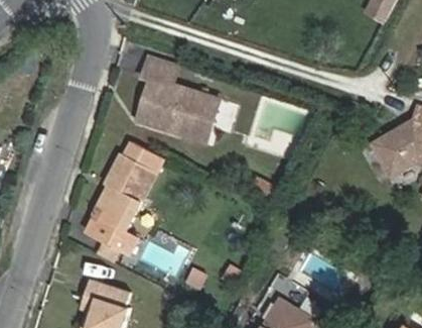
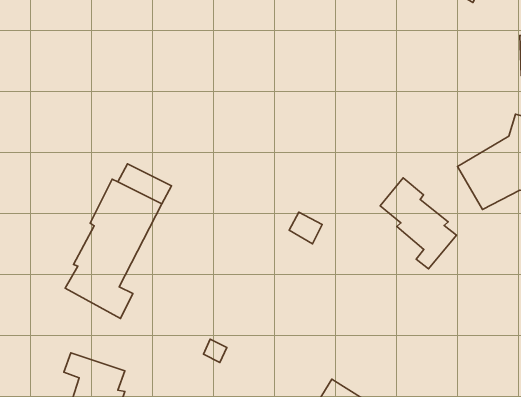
building: [136,61,219,137] -> none
building: none -> [380,178,456,269]

